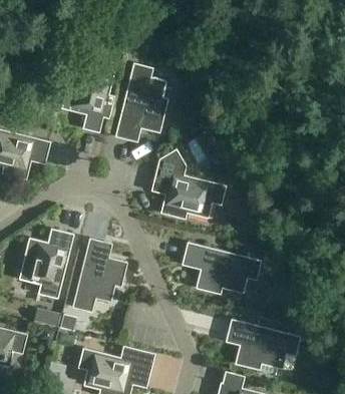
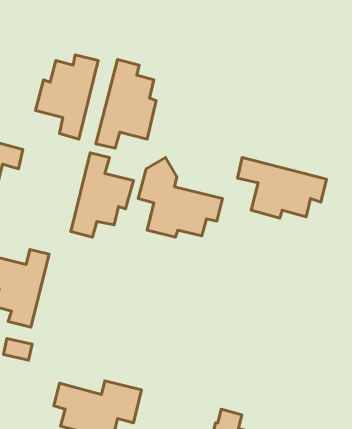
building: [72,239,127,313] -> [71,153,133,237]
building: [183,242,261,295] -> [238,158,327,218]
building: [227,319,300,370] -> none

